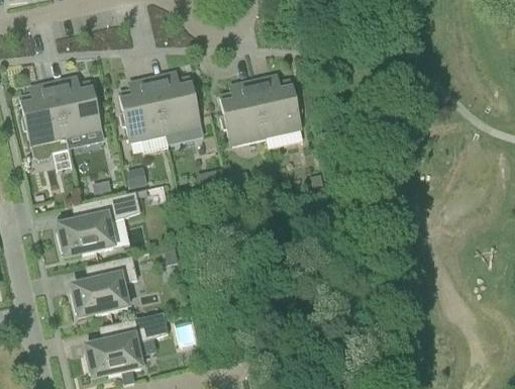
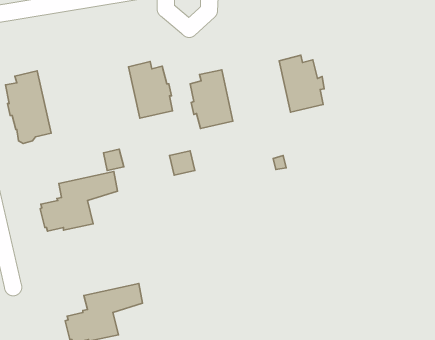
building: [254,75,303,136] -> [279,55,324,112]
building: [55,77,102,137] -> none
building: [119,78,166,140] -> none
building: [71,256,138,316] -> none

